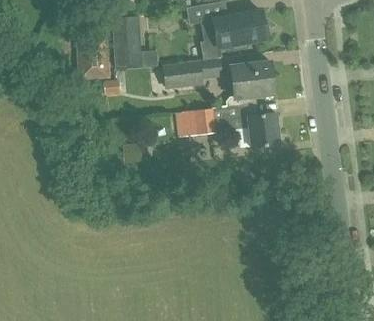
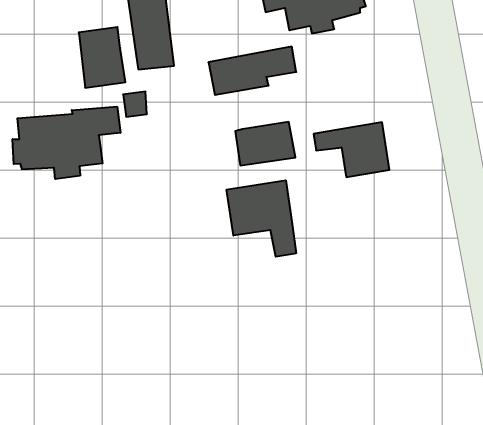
building: [227,62,272,107] -> none
building: none -> [13,107,120,179]
building: none -> [227,180,296,257]

